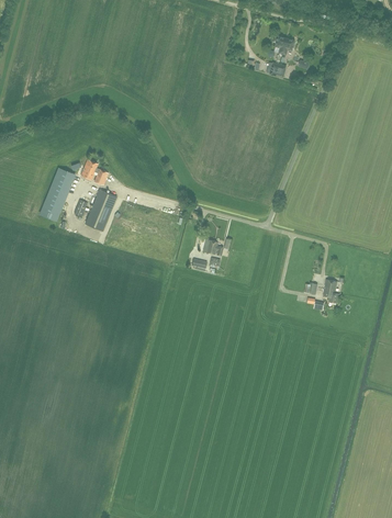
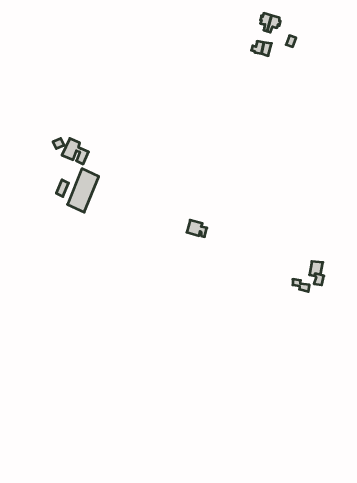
building: [45,168,74,206] -> none

